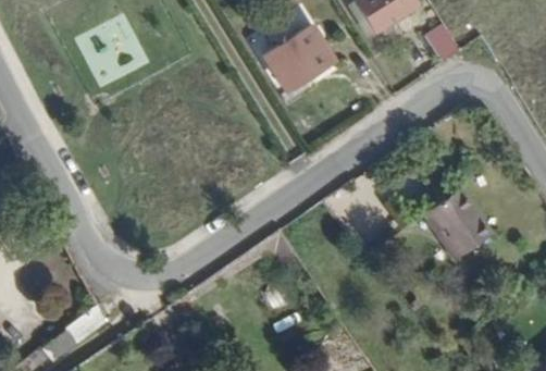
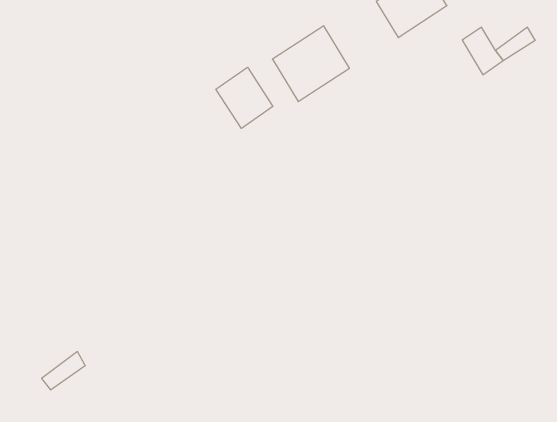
building: none -> [216,67,273,128]
building: [424,184,493,255] -> none

